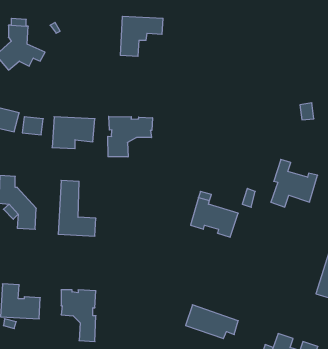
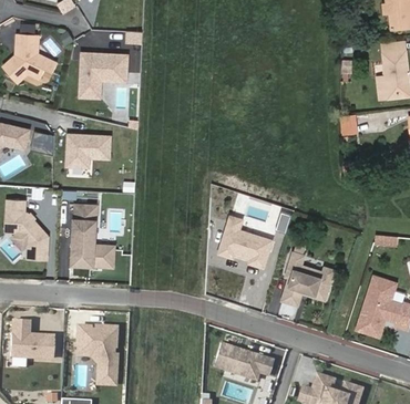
building: [120,16,163,56] -> [82,51,130,95]
building: [108,116,152,157] -> none
building: [271,159,318,207] -> [284,252,336,305]

